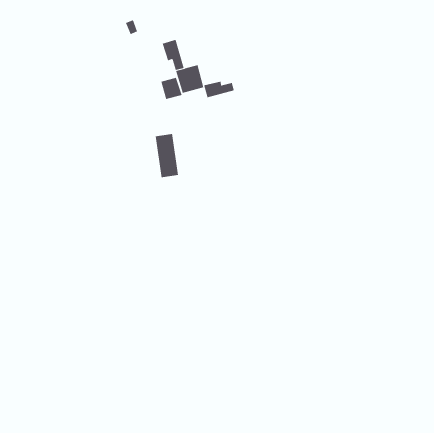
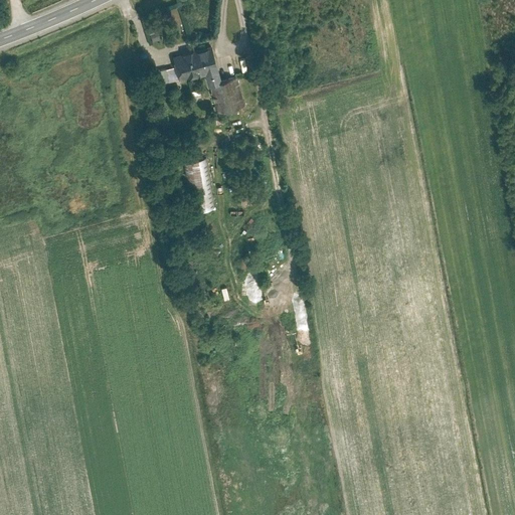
building: [160,77,183,99] -> [172,53,198,79]
building: [204,81,235,98] -> none

